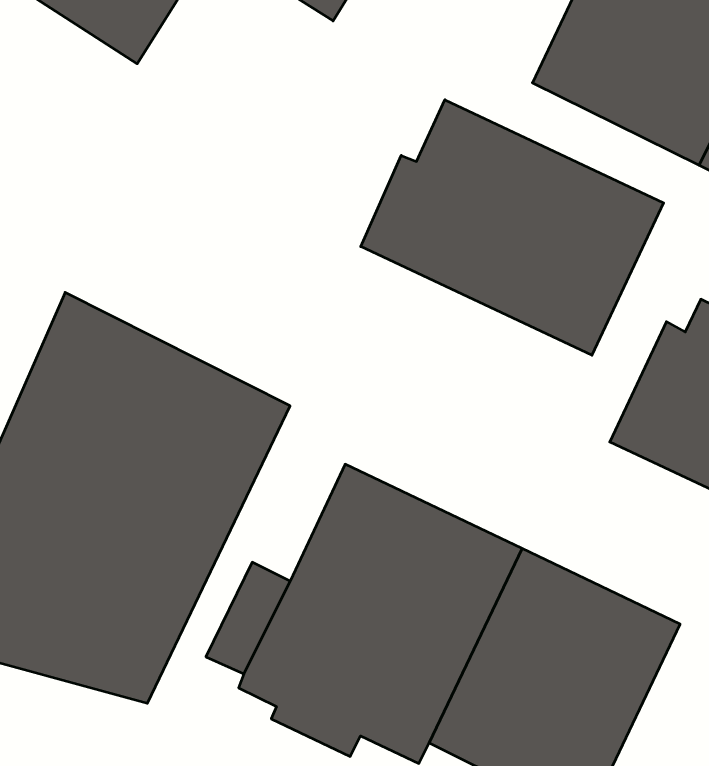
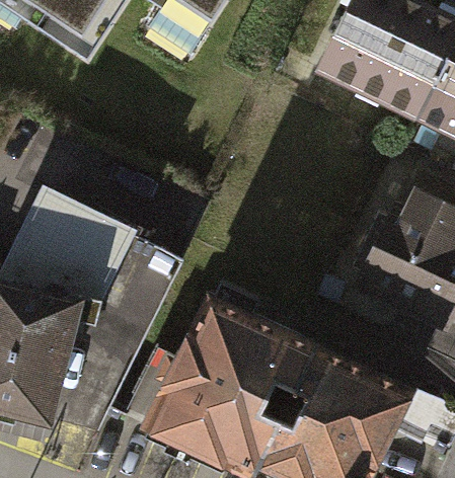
building: [361,100,664,355] -> none

